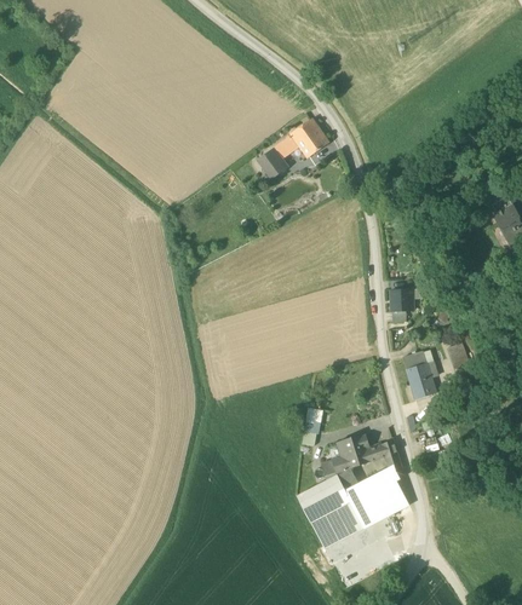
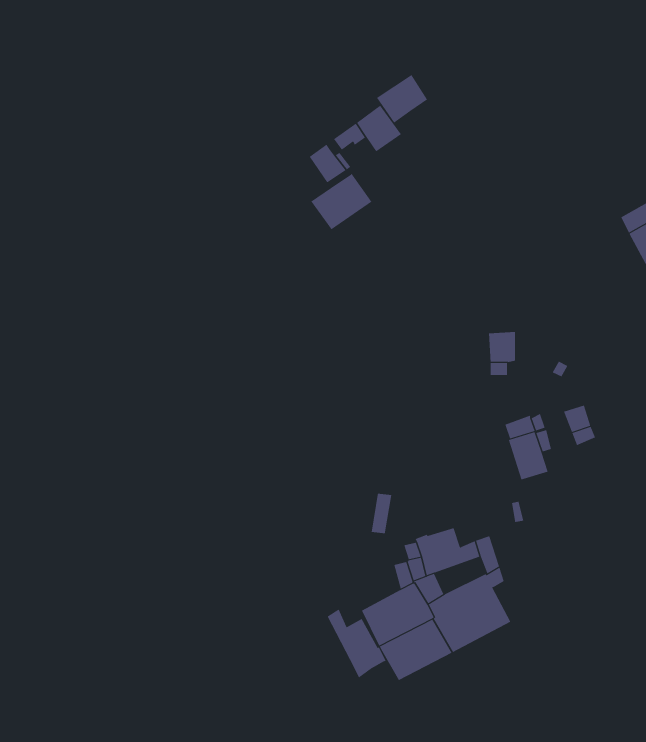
building: none -> [376,74,428,123]
building: none -> [310,173,373,230]
building: none -> [327,609,386,678]

